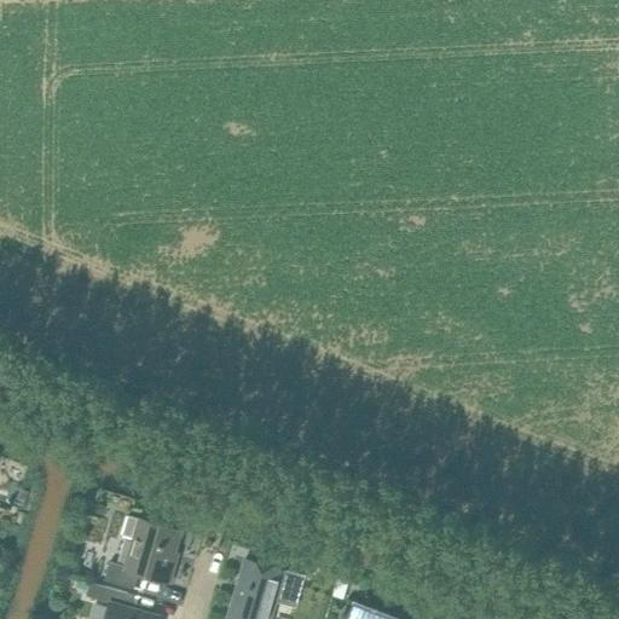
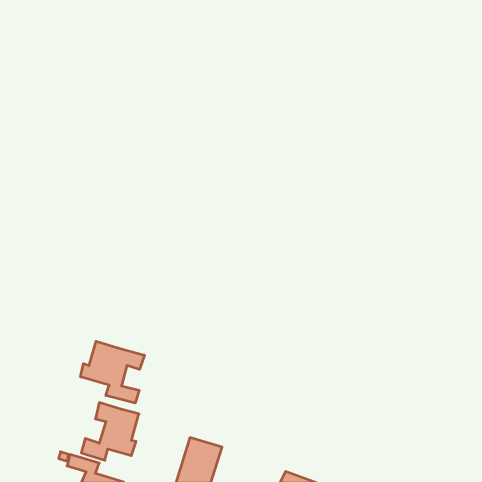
building: none -> [81,341,144,403]

